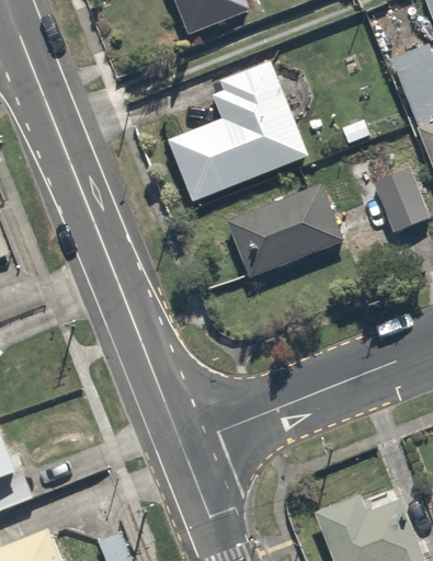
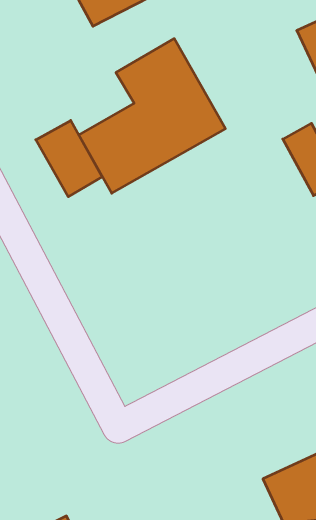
building: none -> [36,120,102,197]
building: [230,184,346,284] -> none

